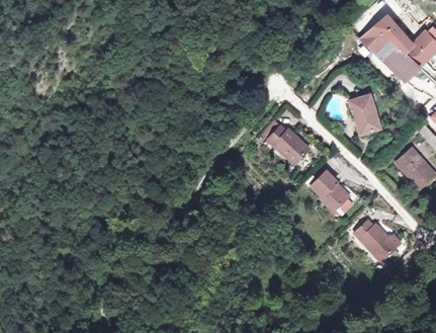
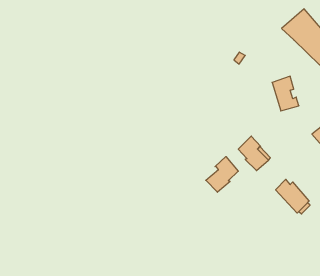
building: [266,120,307,159] -> none
building: none -> [206,157,238,192]

